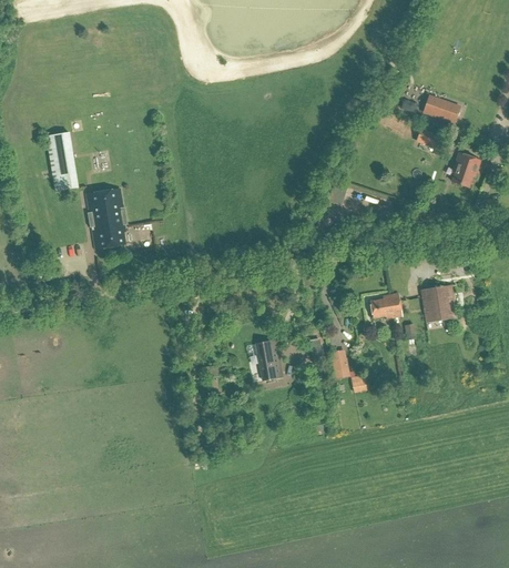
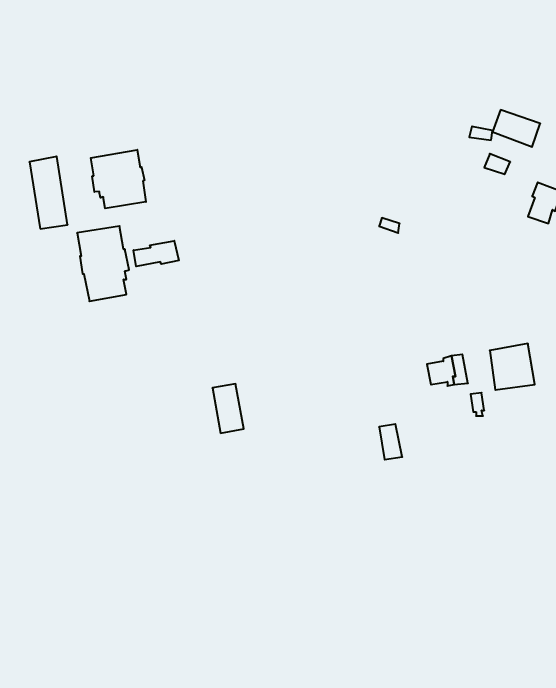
building: none -> [91,150,146,208]
building: none -> [134,241,179,266]
building: [257,341,283,381] -> [212,384,244,433]

